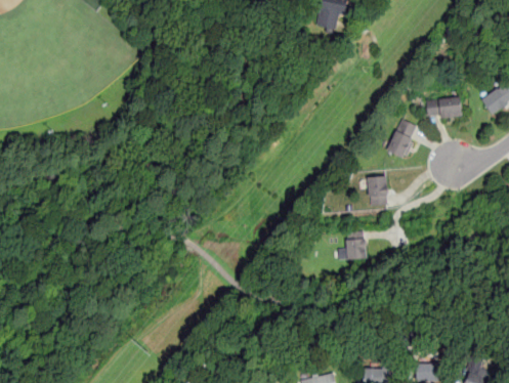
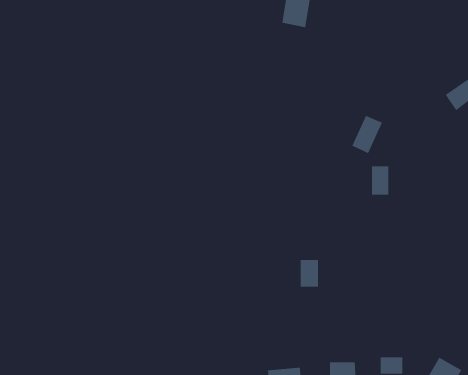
building: [426,98,460,118] -> none
building: [368,175,386,205] -> [371,166,389,195]
building: [345,230,365,258] -> [300,260,319,287]

